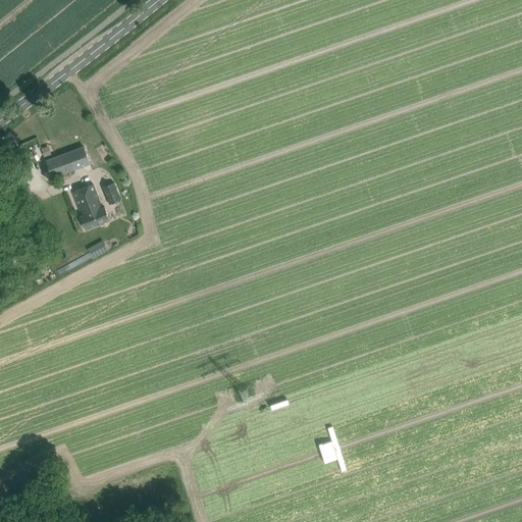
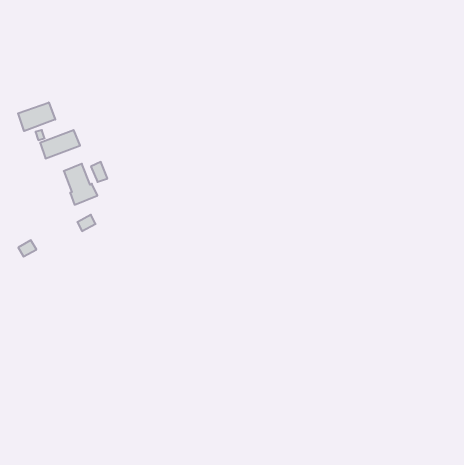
building: none -> [18,102,55,131]

